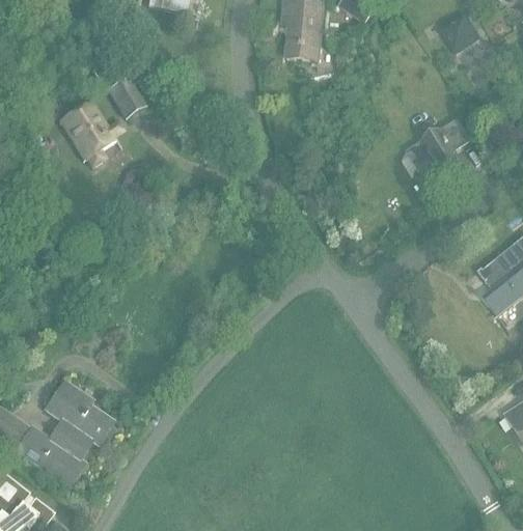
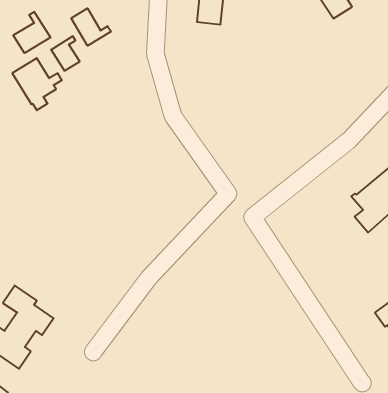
building: none -> [71,8,111,46]
building: none -> [13,12,50,53]
building: [412,118,472,187] -> none

